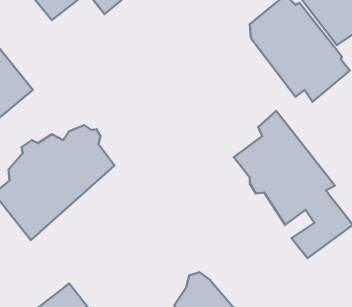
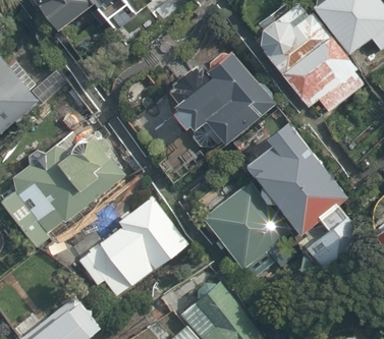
building: none -> [171,48,273,145]
building: none -> [198,180,283,267]
building: none -> [77,191,186,293]

